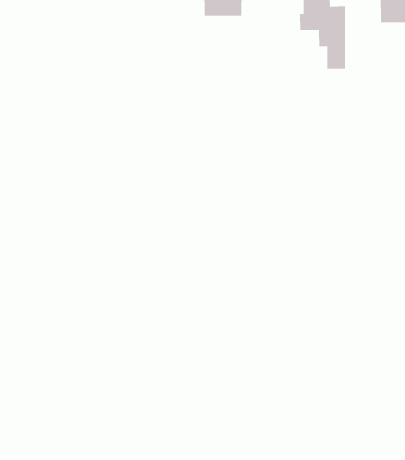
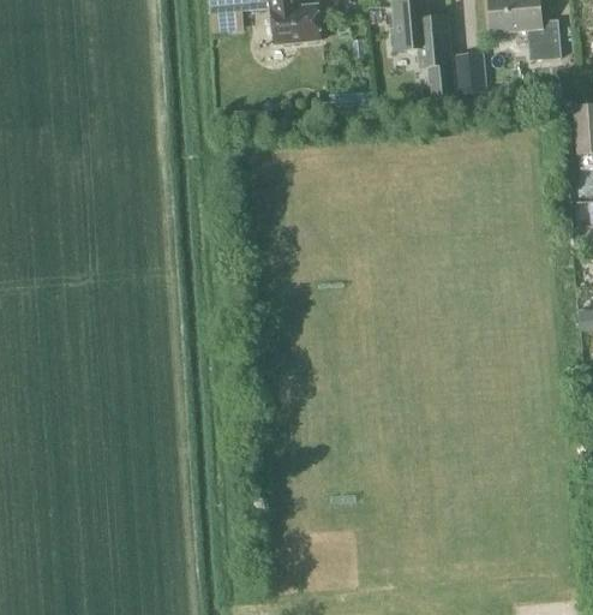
building: none -> [454,52,486,92]

